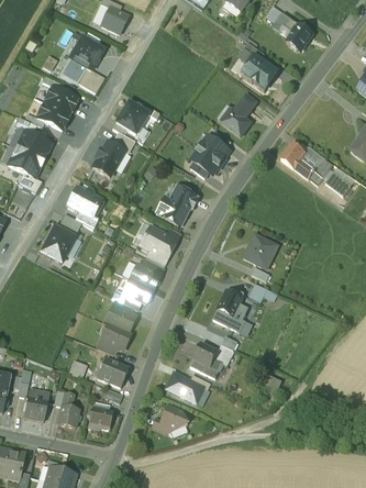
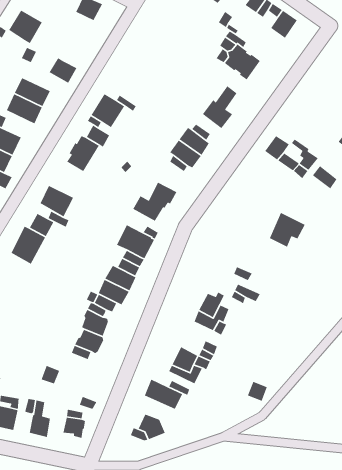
building: [69,38,102,71] -> [8,9,43,44]
building: [243,232,278,266] -> [269,212,306,248]
building: [97,359,127,387] -> none

